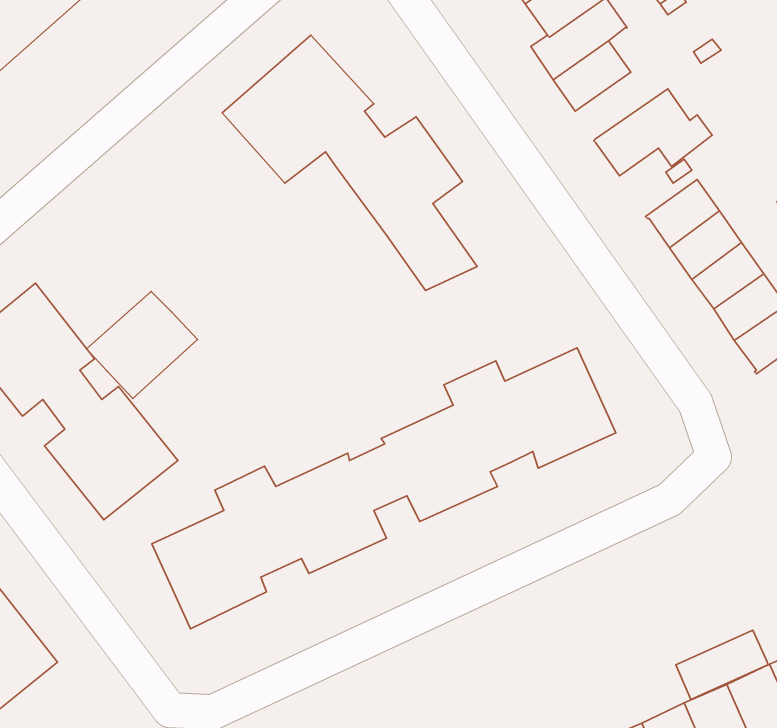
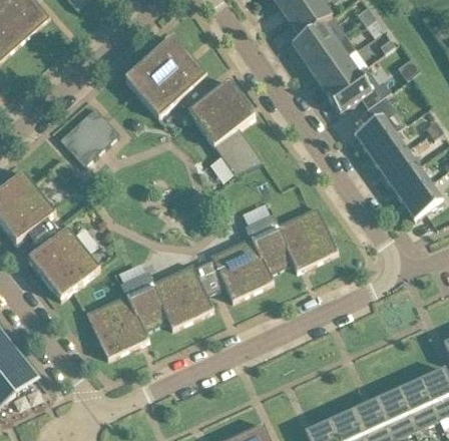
building: none -> [316,49,367,92]
building: [87,291,197,399] -> [59,106,119,164]
building: [676,630,768,700] -> none

